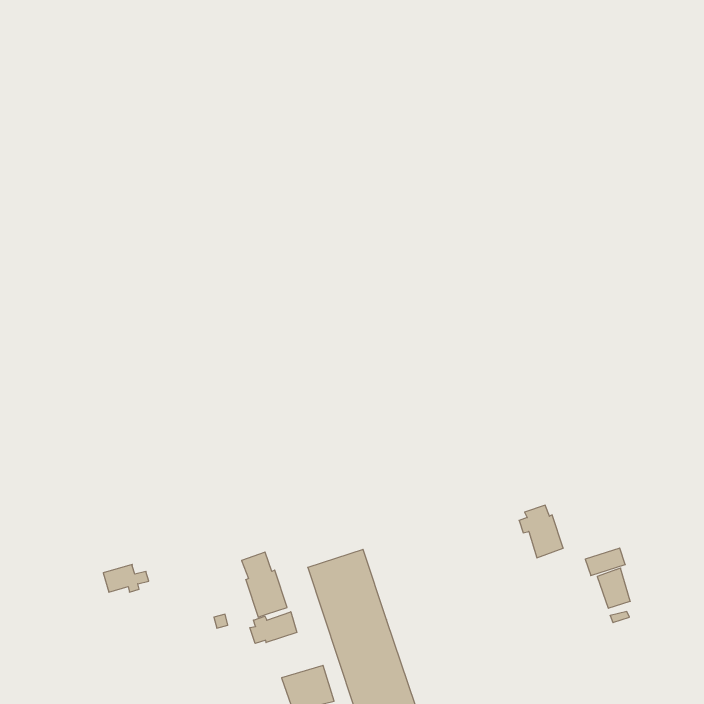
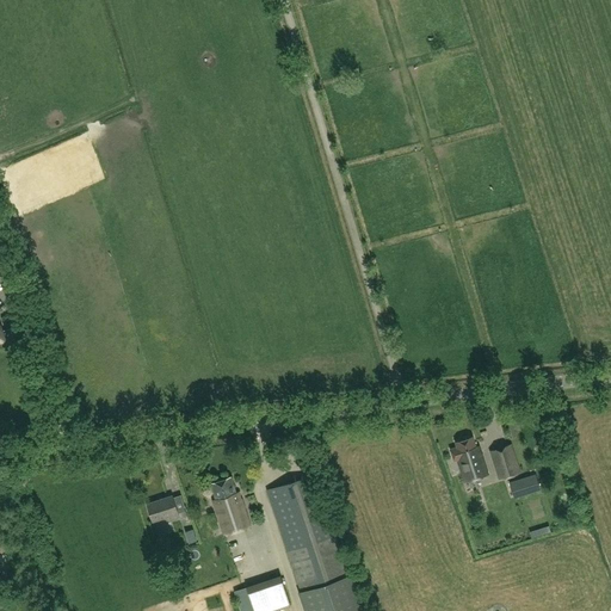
building: [103,564,149,592] -> [146,498,185,521]
building: [597,568,630,608] -> [489,445,518,480]
building: [250,612,297,643] -> none

